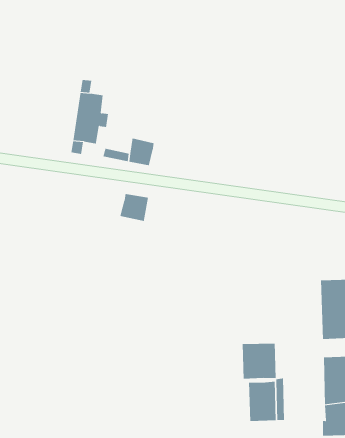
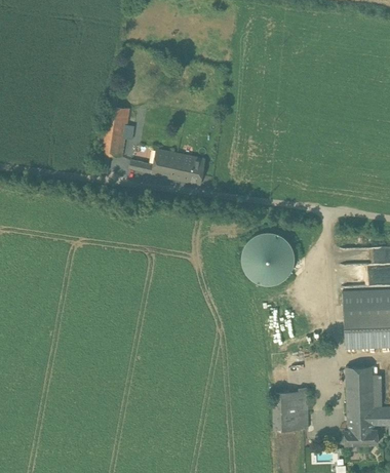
building: [120,193,149,221] -> [174,155,203,183]
building: none -> [241,232,295,284]
building: [242,343,276,379] -> none

